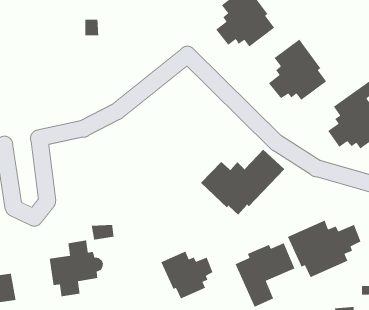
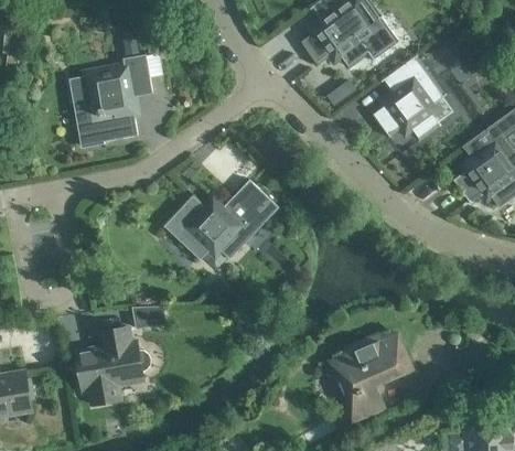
building: none -> [69,54,153,146]
building: [200,149,285,215] -> [164,180,280,270]
building: [287,220,362,278] -> none
building: [160,250,214,300] -> none

